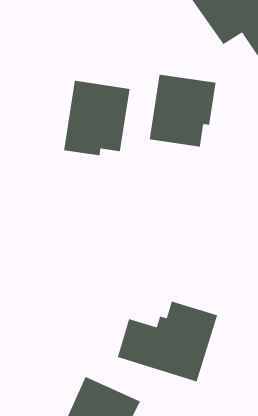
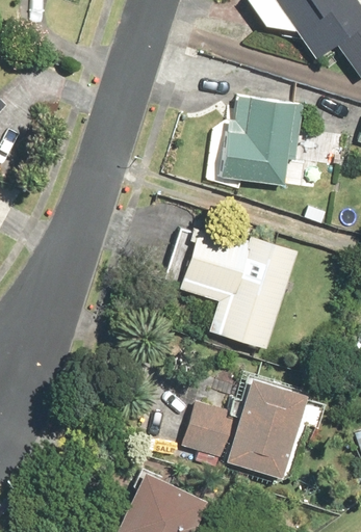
building: [63,80,130,156] -> none
building: none -> [178,227,296,350]

